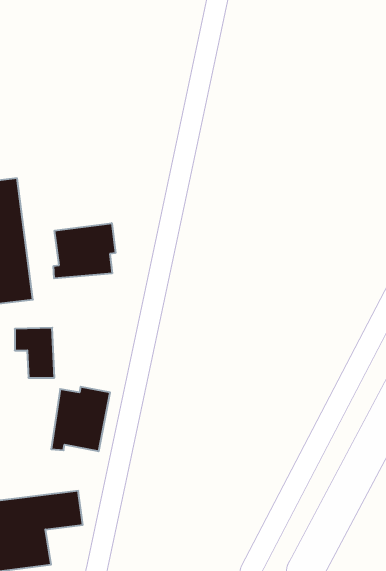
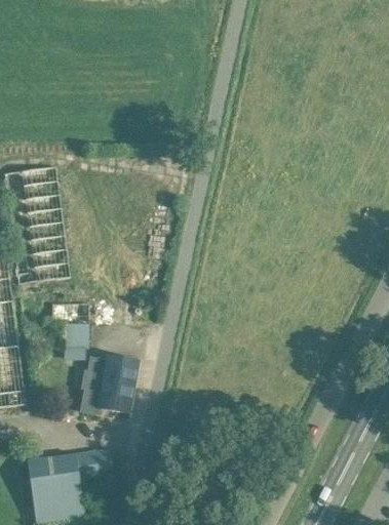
building: [54,223,115,278] -> none

